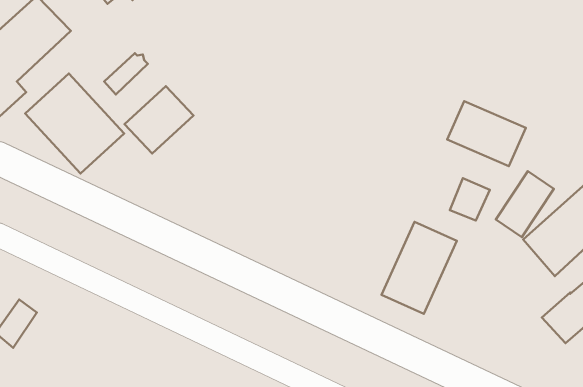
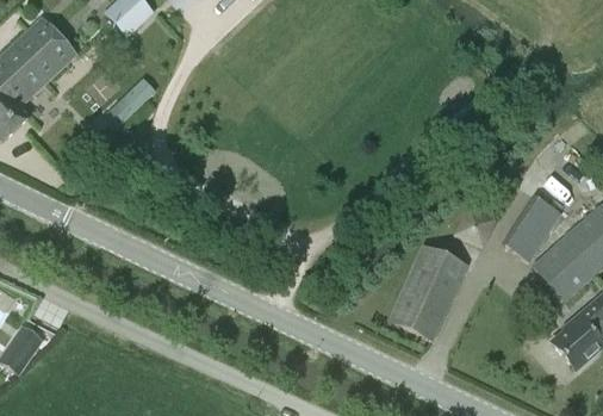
building: [25,74,124,173] -> none
building: [124,86,193,153] -> none
building: [447,101,526,166] -> none

